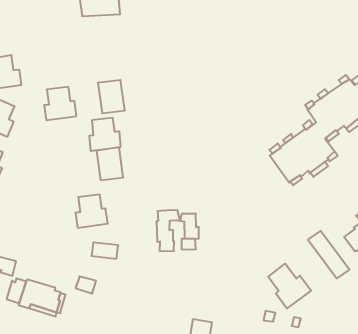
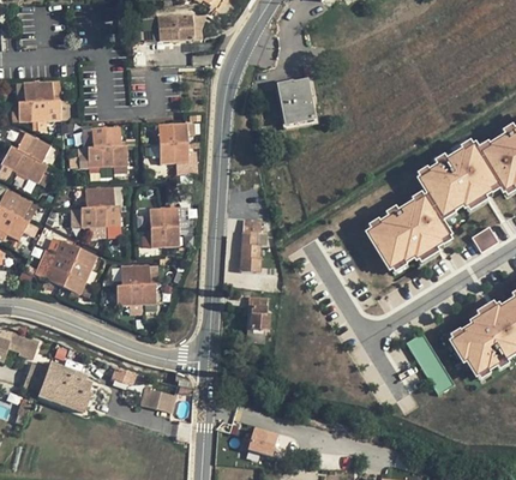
building: none -> [277,79,313,124]
building: [89,118,121,151] -> [82,187,120,227]
building: none -> [46,240,97,293]
building: [156,210,180,251] -> [240,218,271,270]
building: [91,242,118,259] -> [138,390,173,413]
building: [268,264,311,308] -> none

